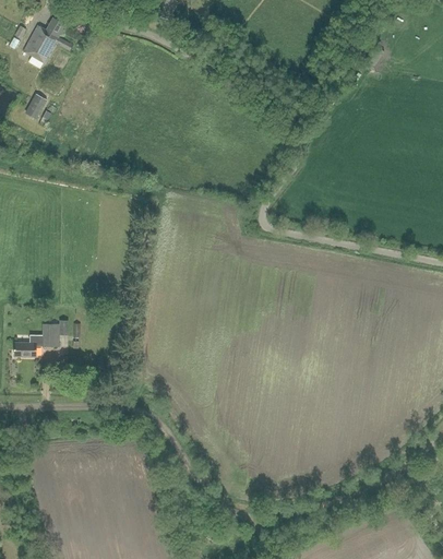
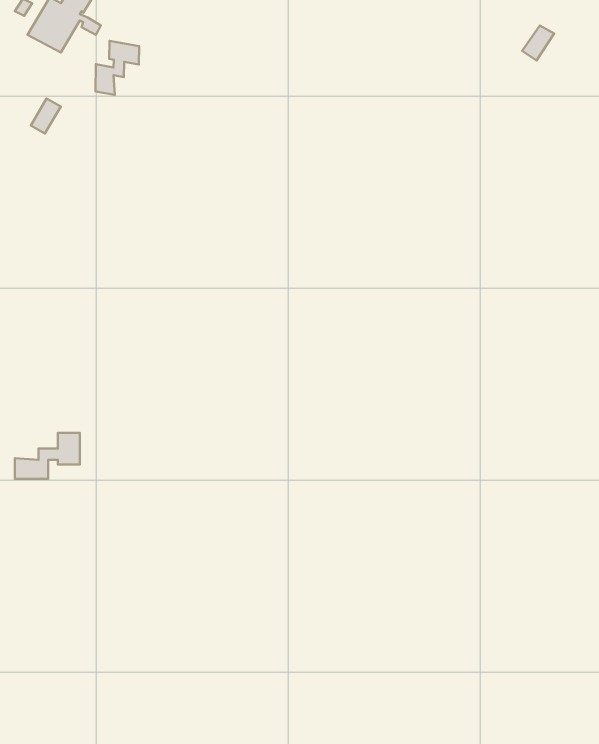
building: none -> [95,41,139,95]

